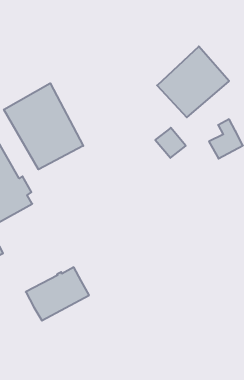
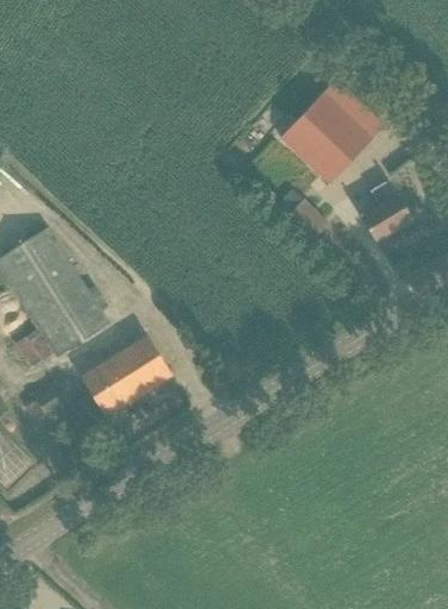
building: [4,83,83,169] -> none
building: [26,267,89,321] -> [80,335,172,416]

